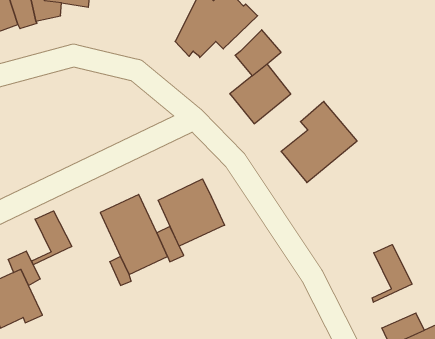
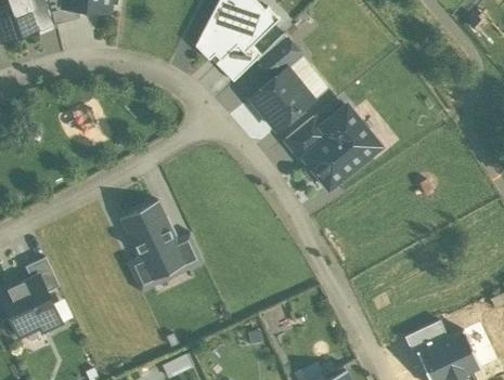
building: none -> [217,45,262,81]
building: none -> [286,116,331,159]
building: [158,179,225,246] -> none
building: [32,211,72,265] -> none
building: [372,245,412,302] -> none

